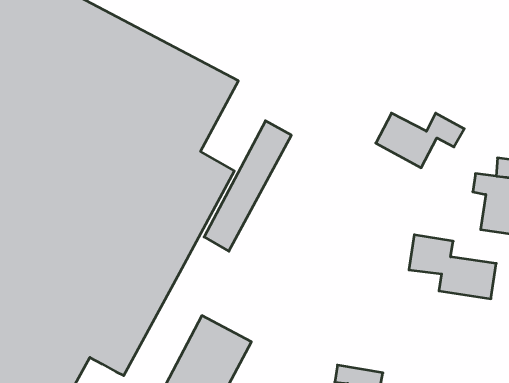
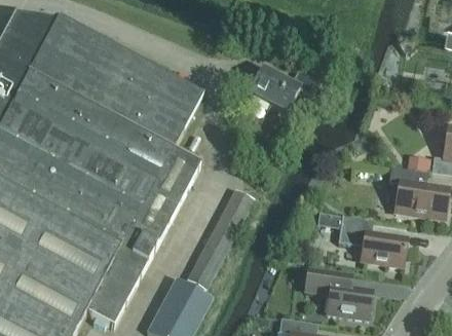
building: [376,113,464,168] -> [251,69,321,112]
building: [204,121,291,251] -> [186,188,255,291]
building: none -> [305,266,372,319]

